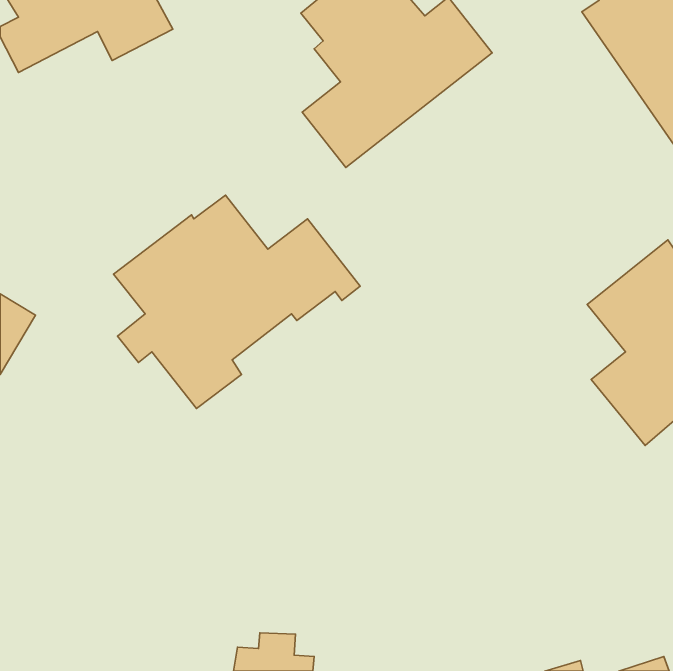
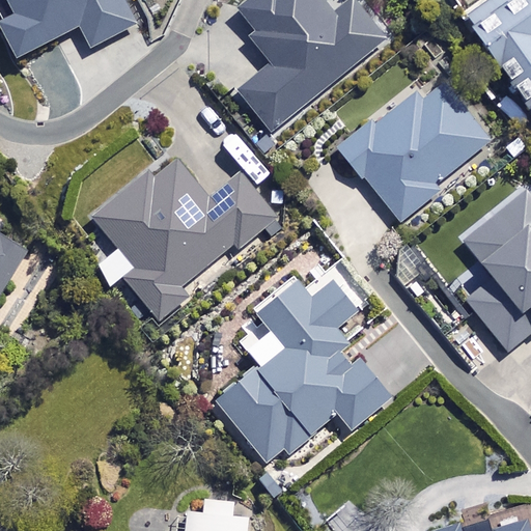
building: none -> [335,82,491,222]
building: none -> [214,279,392,467]

